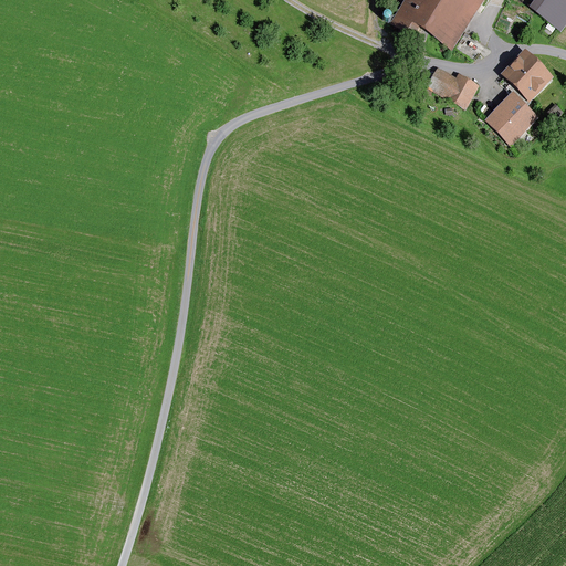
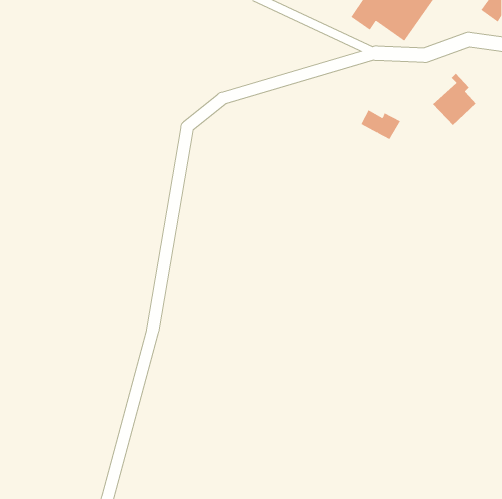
building: [504,52,551,98] -> none
building: [431,71,476,105] -> [360,109,401,140]

